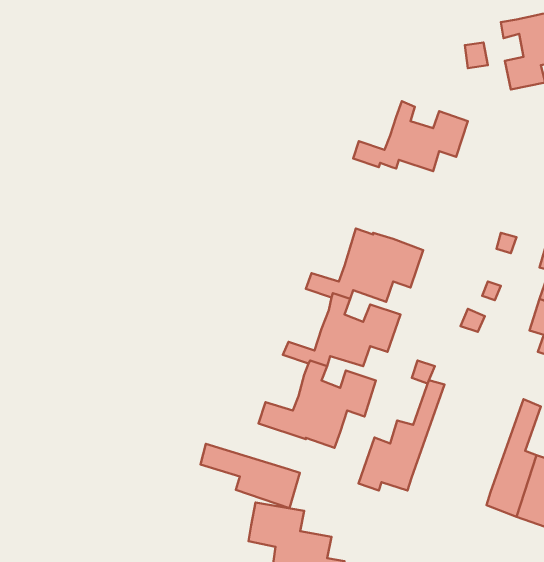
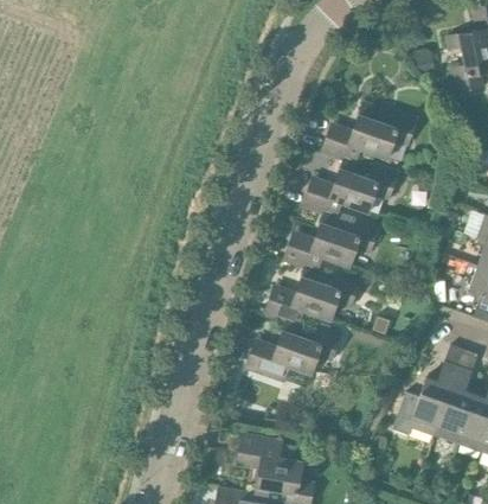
building: none -> [302,152,398,212]
building: [359,380,445,491] -> [392,344,463,435]
building: [200,444,300,508] -> none

